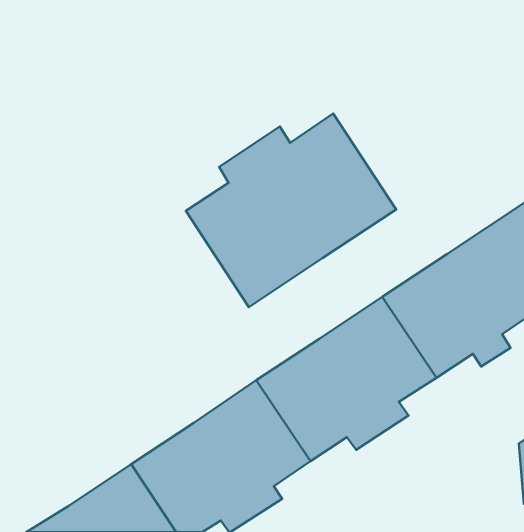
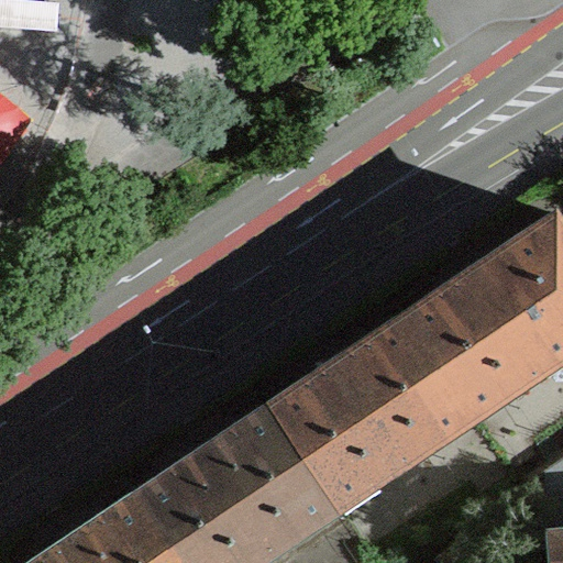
building: [186,114,396,307] -> none

